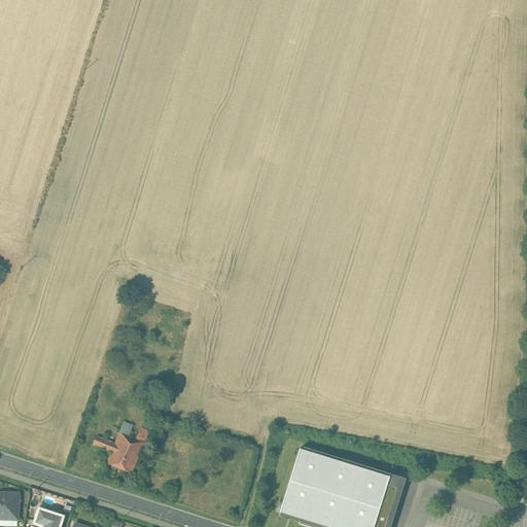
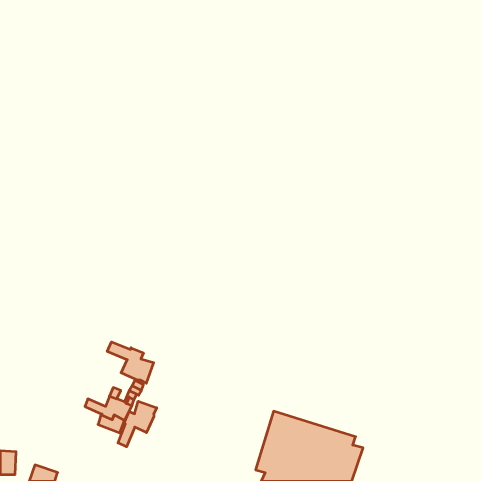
building: none -> [107,342,154,383]
building: none -> [118,401,157,447]

